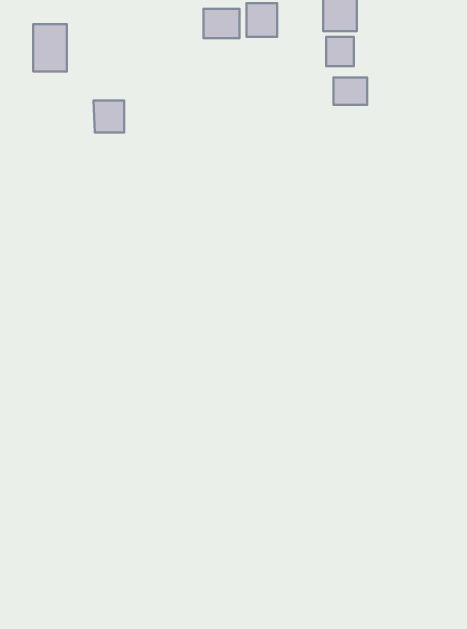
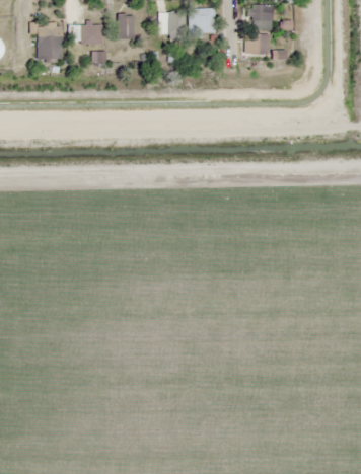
building: none -> [119,14,135,39]
building: [333,77,367,105] -> none
building: [93,100,124,133] -> [80,20,102,44]

